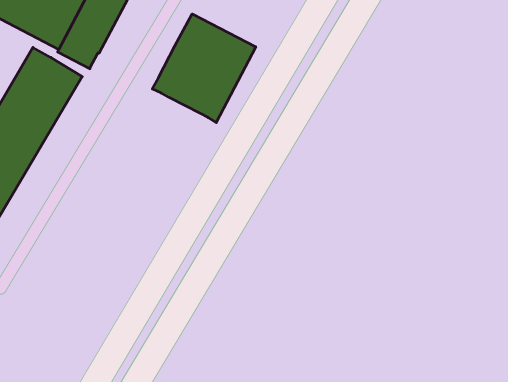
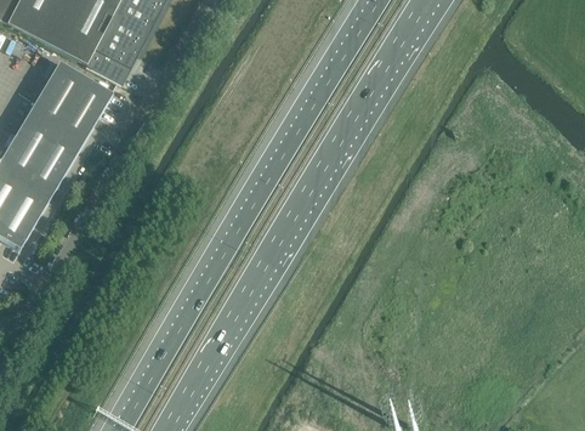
building: [152,14,256,123] -> none

